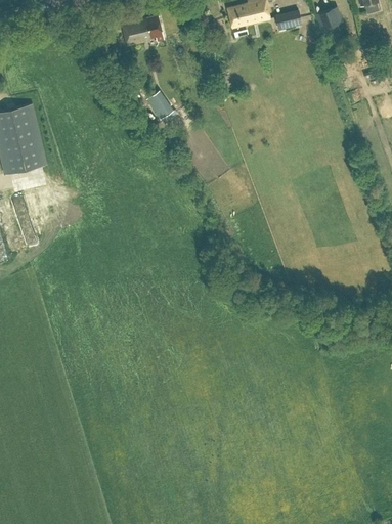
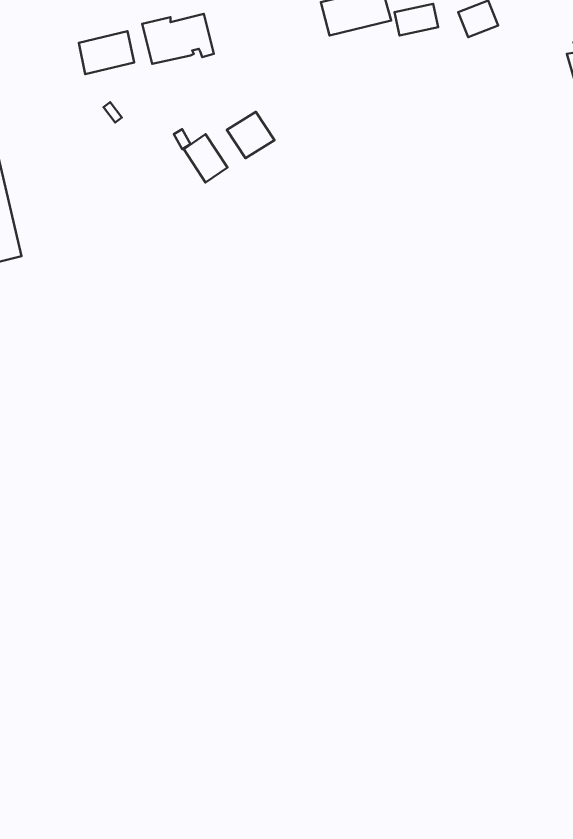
building: none -> [79,31,134,74]
building: none -> [227,112,274,158]

